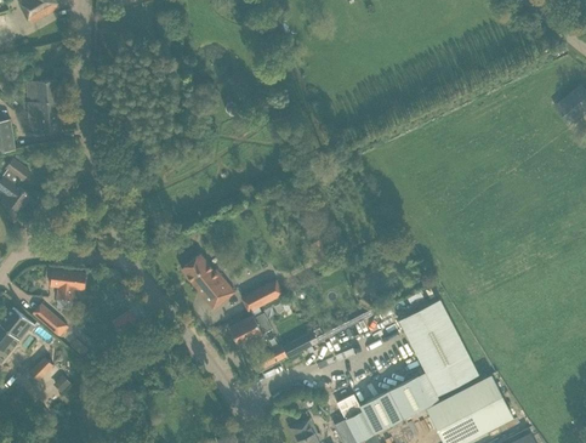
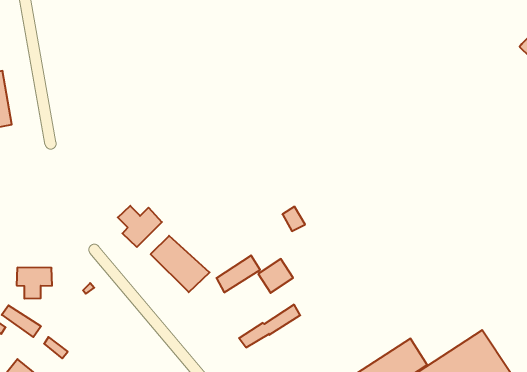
building: none -> [118,206,162,247]
building: [398,300,478,396] -> none
building: [229,316,262,347] -> [258,259,293,293]

